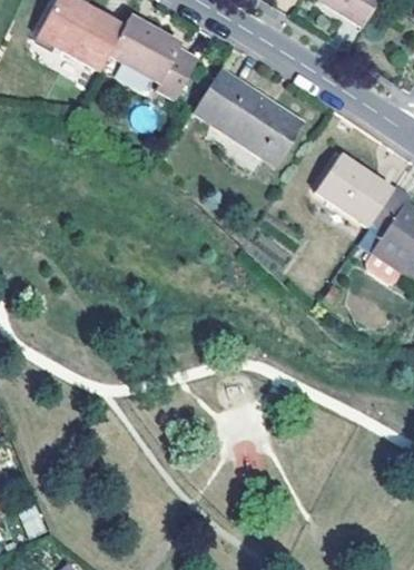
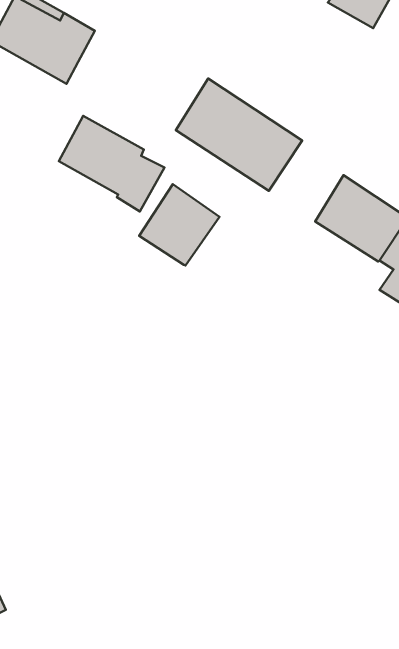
building: [109,14,200,97] -> [59,116,164,211]
building: none -> [139,184,219,266]

